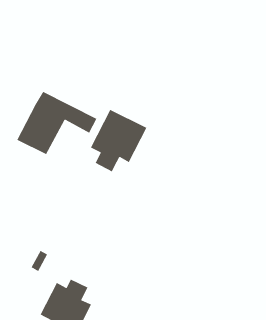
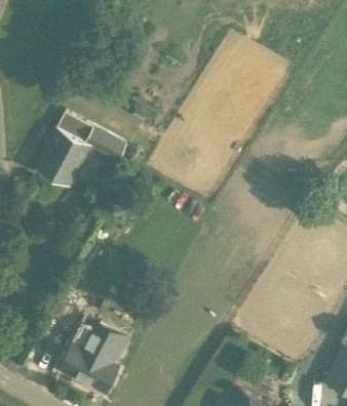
building: [90,109,148,173] -> none

